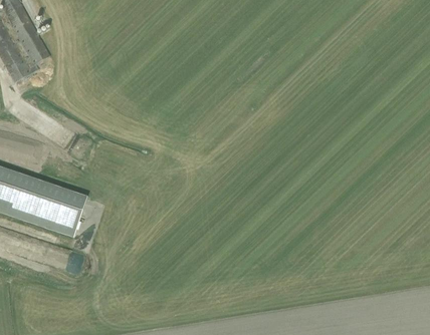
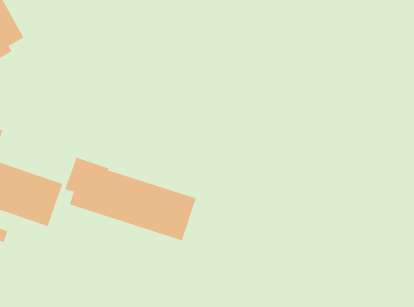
building: none -> [64,157,196,241]

